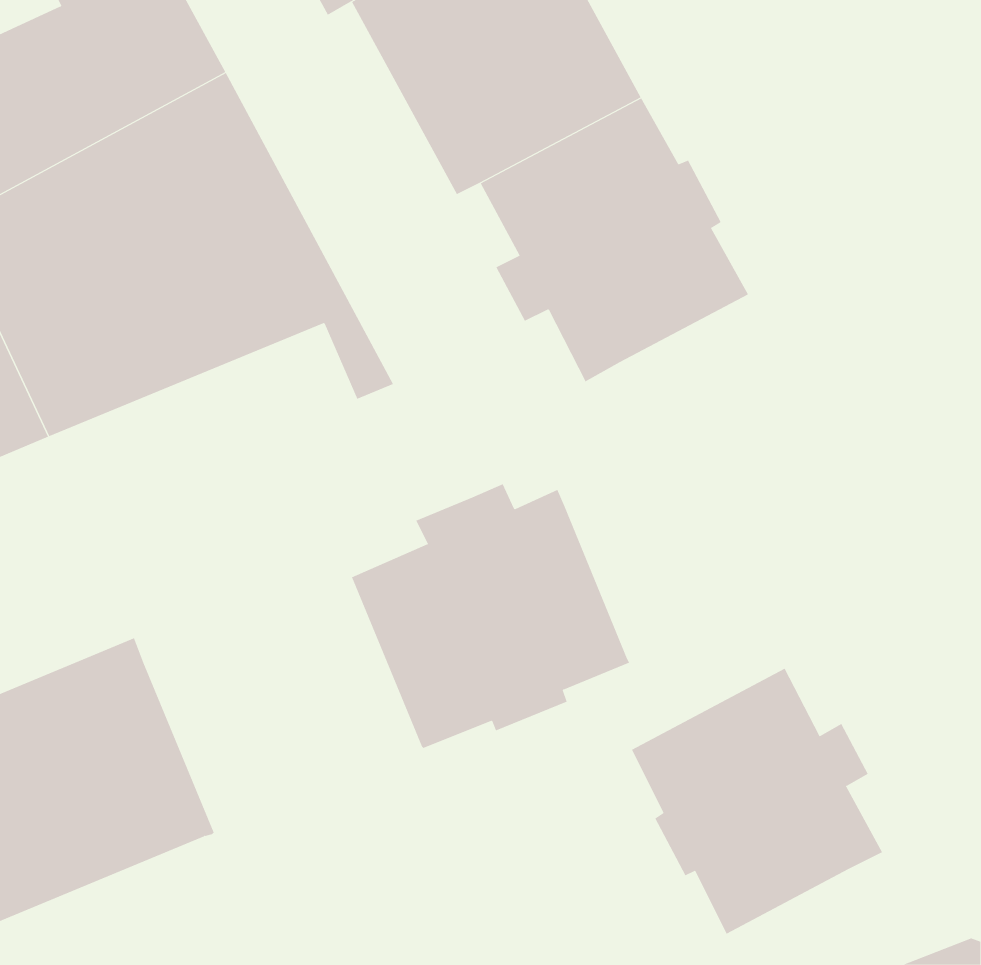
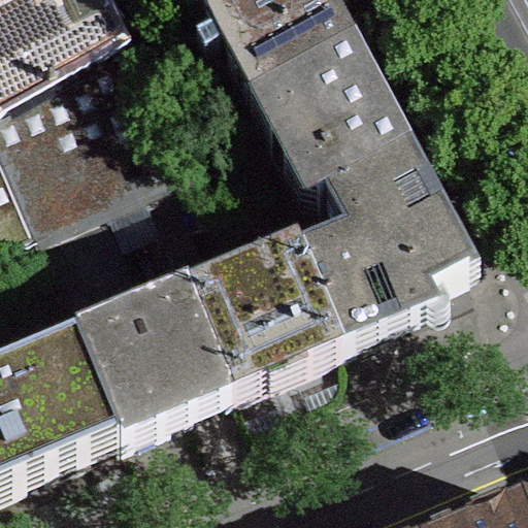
building: none -> [299,156,471,349]
building: none -> [76,292,223,440]
building: [631,668,883,935] -> none

